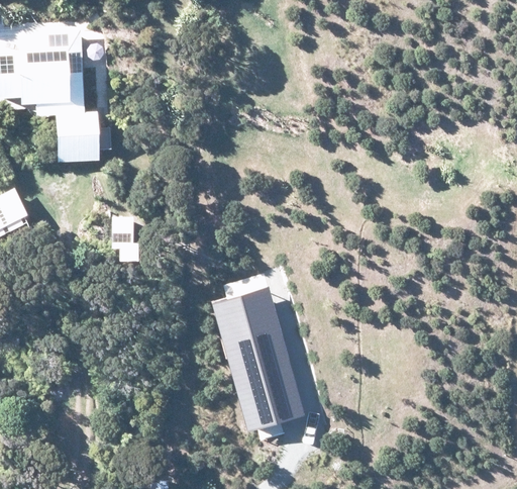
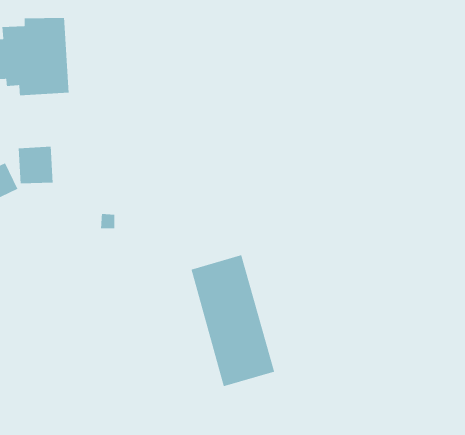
building: [53,114,91,156] -> [18,146,53,184]

